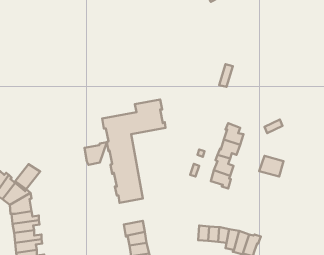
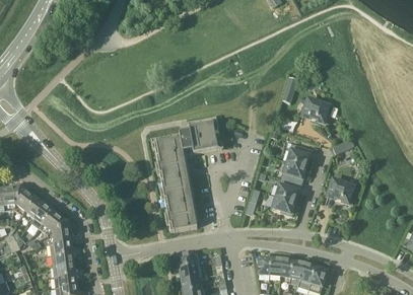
building: none -> [302,97,333,122]
building: [84,142,107,165] -> none
building: [15,164,40,189] -> none

